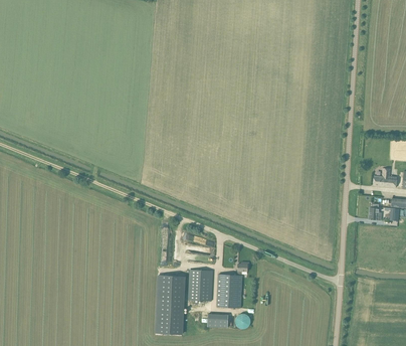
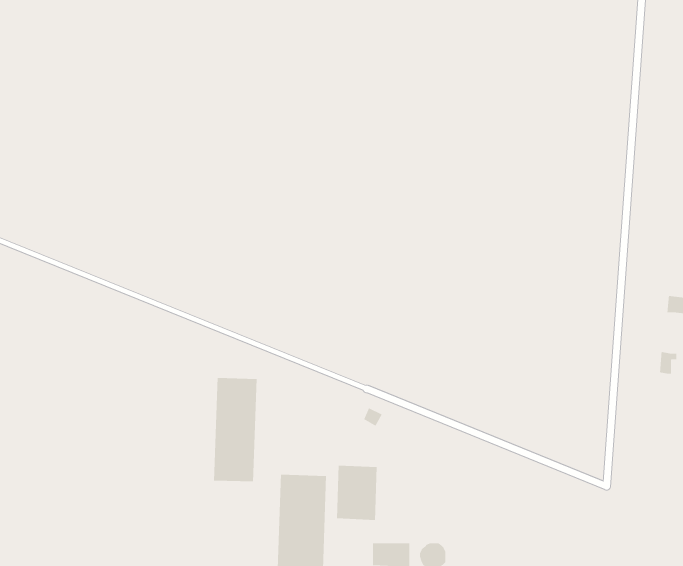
building: none -> [213,377,258,482]
building: [217,262,248,307] -> none

